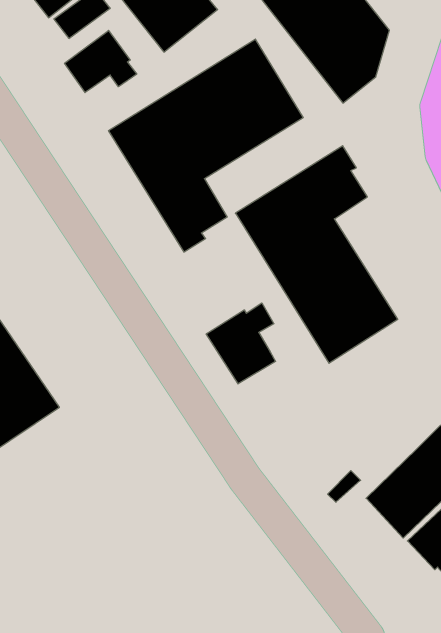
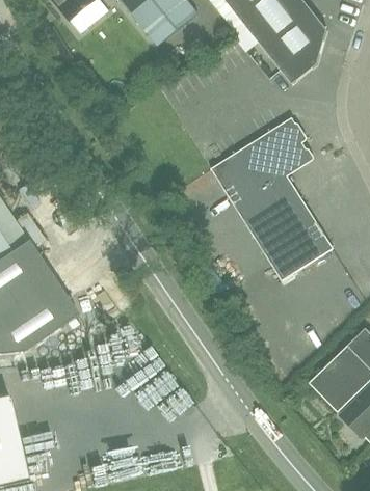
building: [65,30,137,93] -> none
building: [109,39,303,252] -> none
building: [206,303,276,384] -> none

